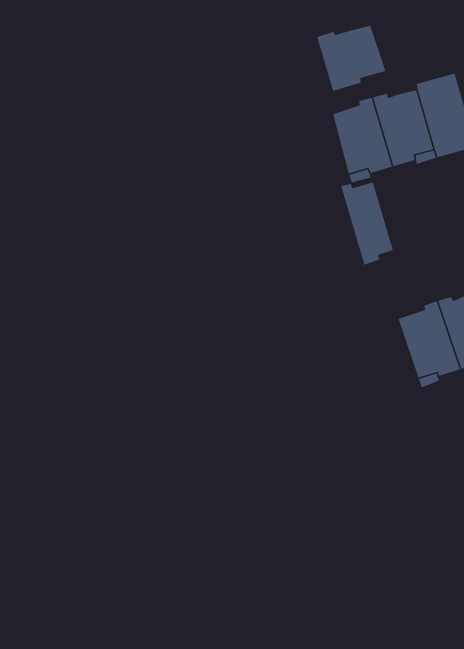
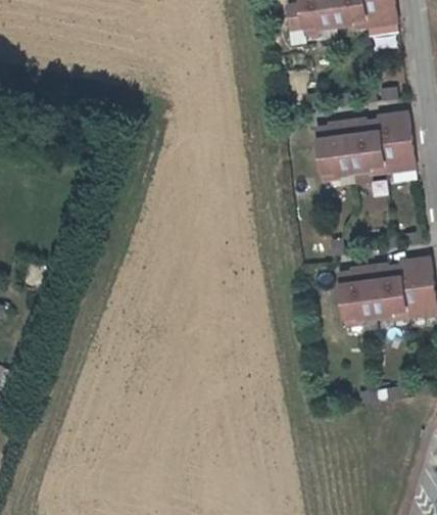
building: [316,25,387,92] -> none
building: [340,182,394,266] -> none

